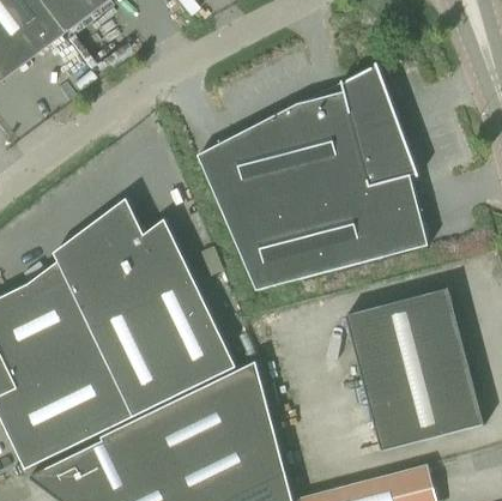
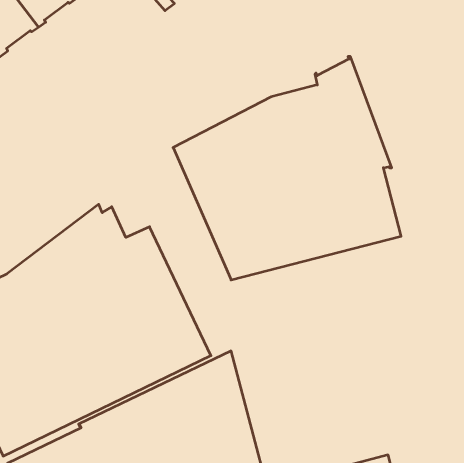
building: [345,289,483,451] -> none

